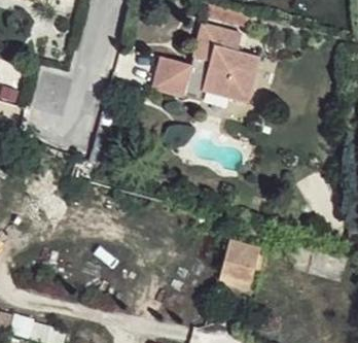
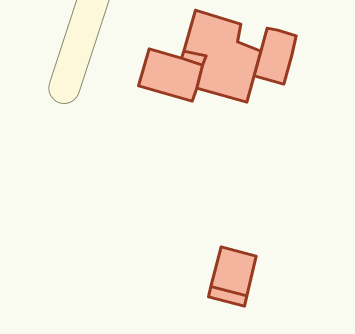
building: none -> [254,28,296,84]

